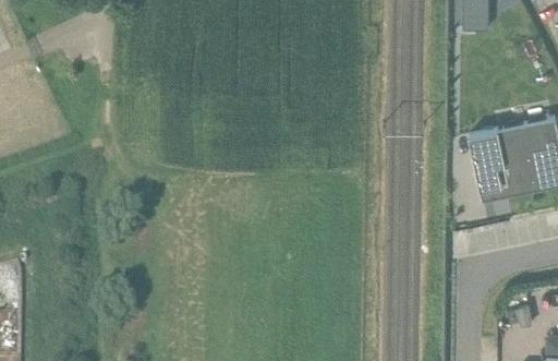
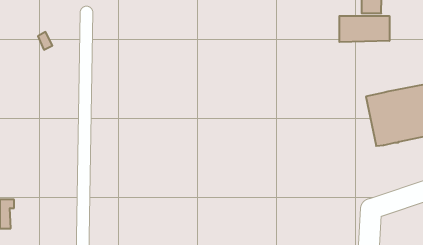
building: none -> [339,16,389,42]

